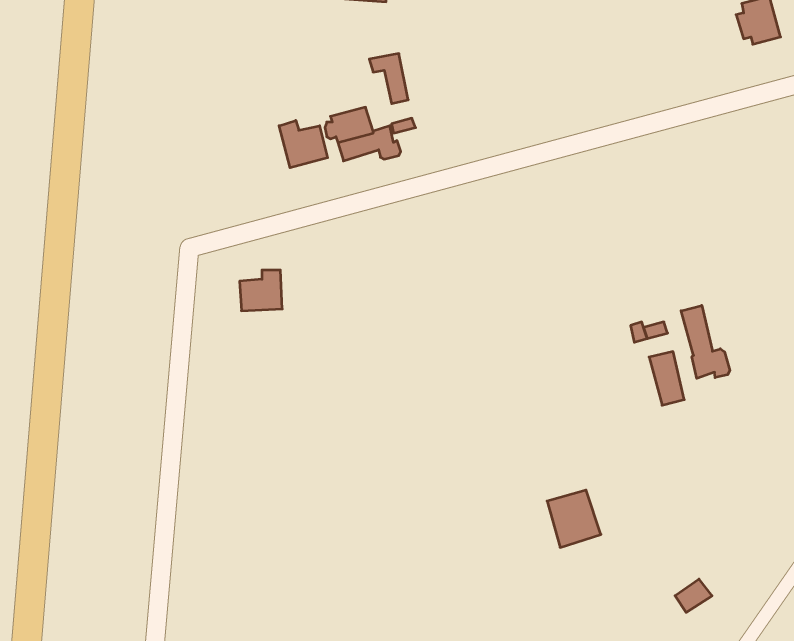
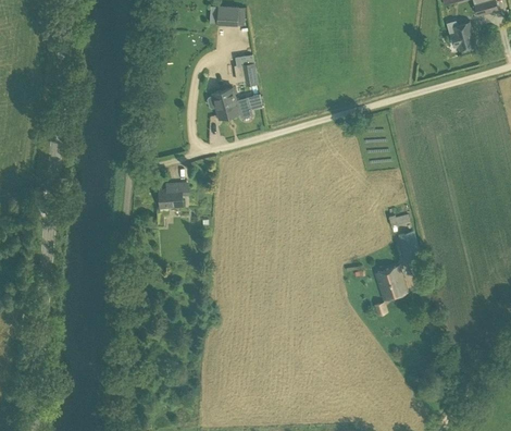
building: [279,120,328,168] -> none
building: [681,305,730,378] -> none
building: [547,490,601,547] -> [376,267,408,300]

